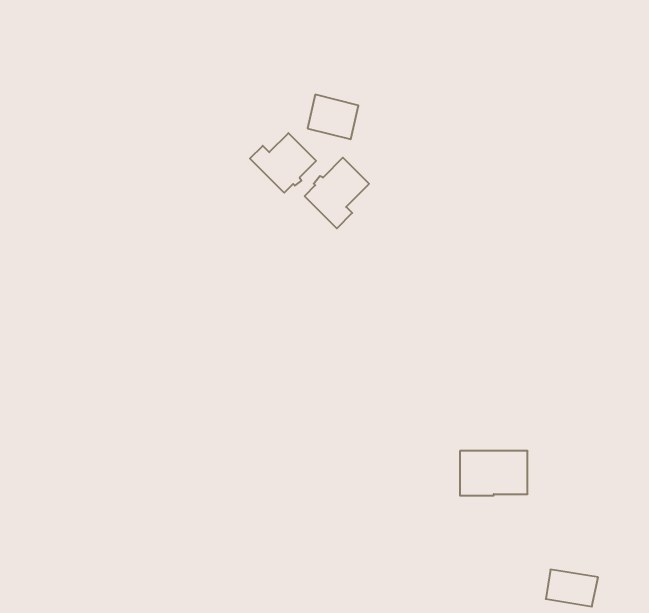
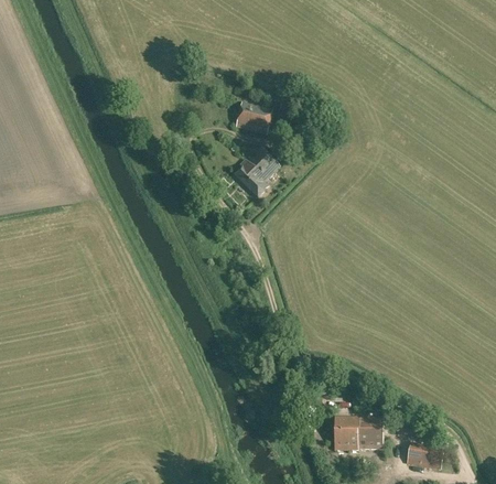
building: [250,133,316,193] -> none
building: [460,451,528,496] -> [333,418,381,450]

